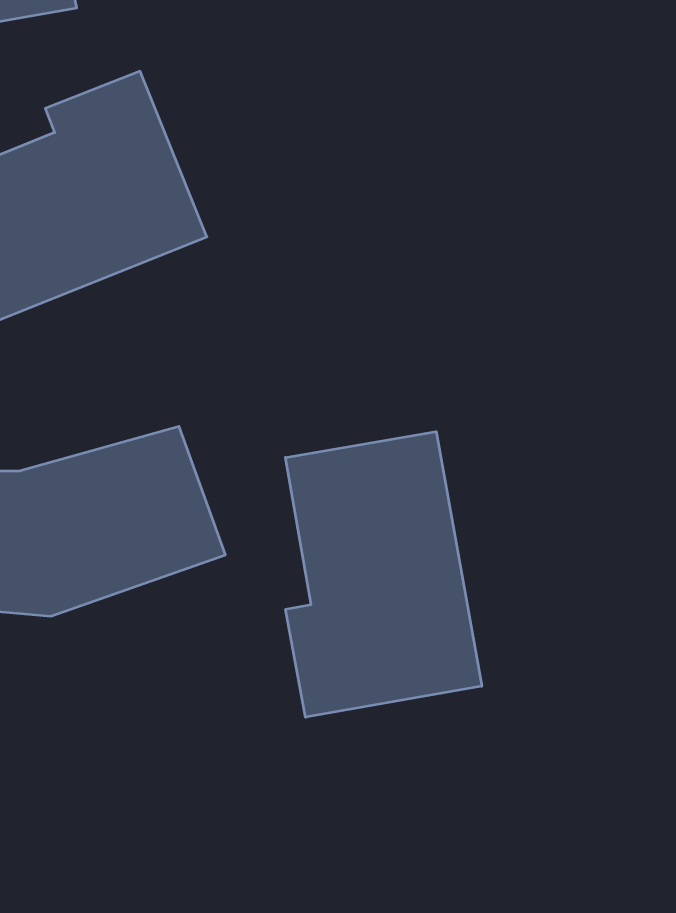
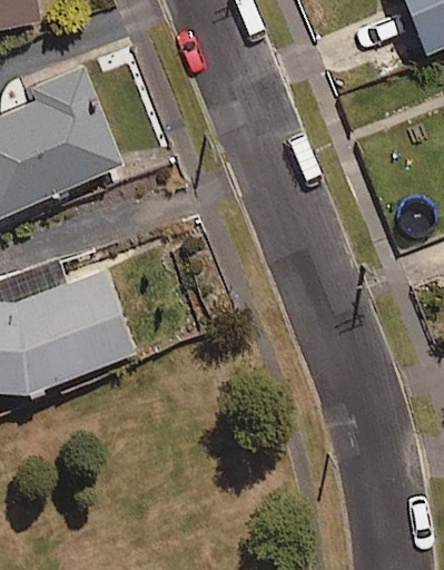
building: [285,432,482,717] -> none

